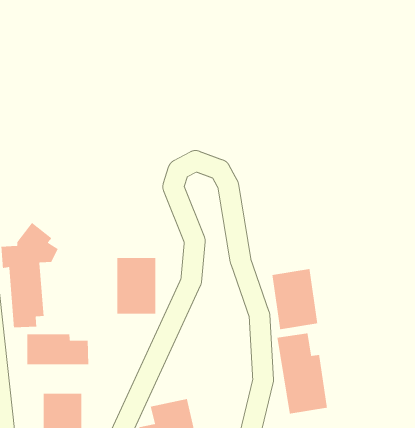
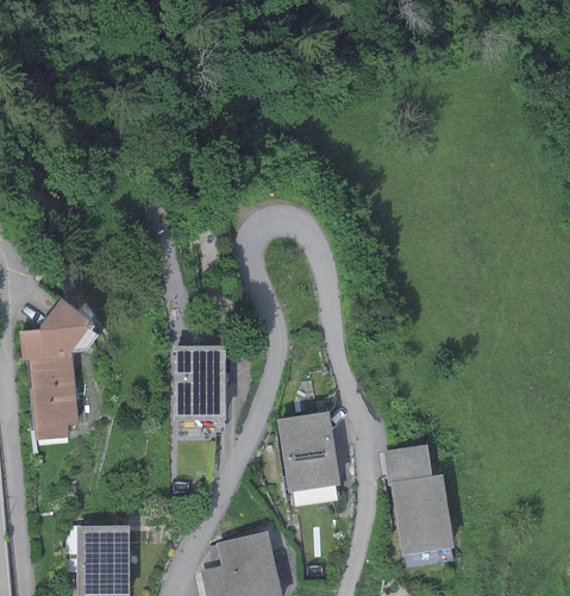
building: [271,268,318,330] -> [277,410,339,493]
building: [26,333,89,365] -> none

